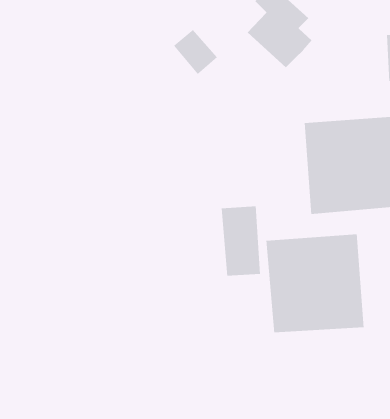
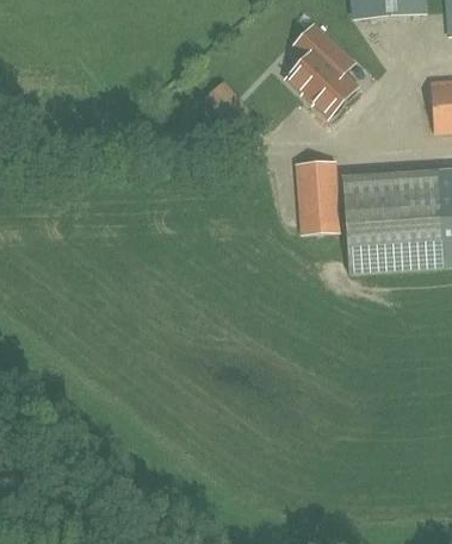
building: [221,206,261,276] -> [297,160,340,235]
building: [266,234,364,333] -> none

